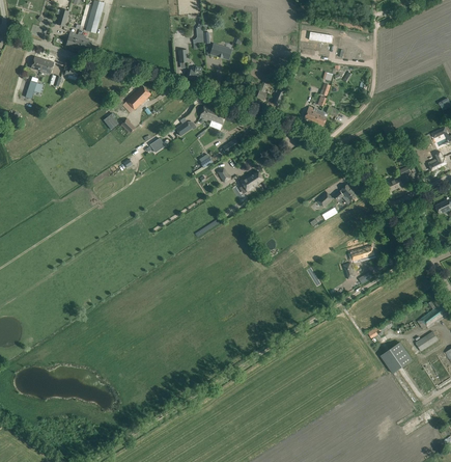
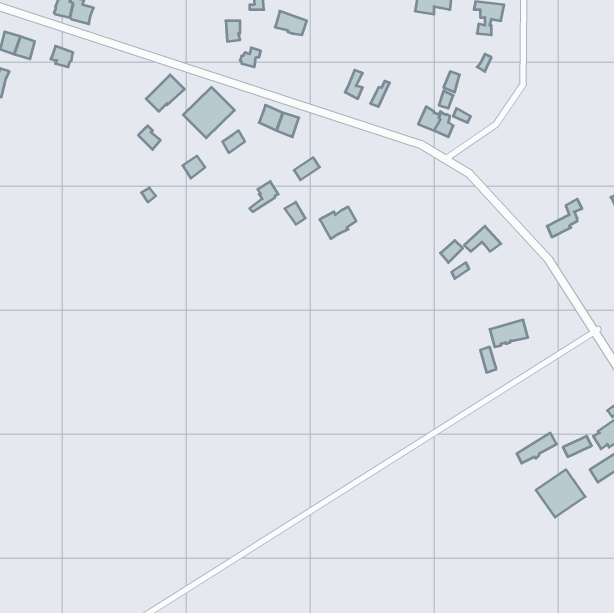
building: none -> [183,87,235,138]

